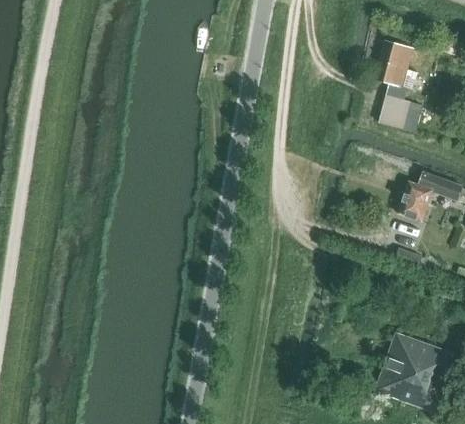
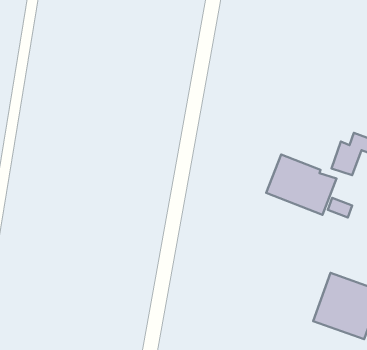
building: [374,40,415,128] -> none
building: none -> [266,154,337,215]

